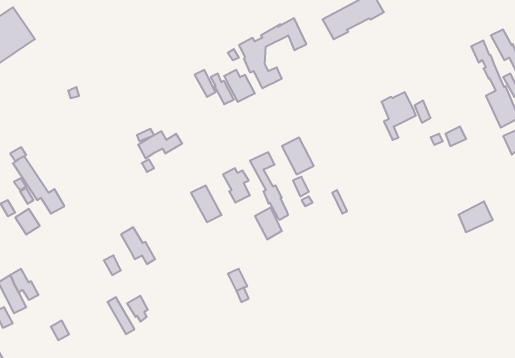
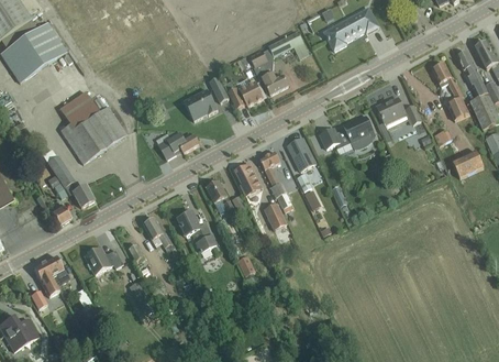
building: none -> [431,63,467,120]
building: none -> [182,88,217,120]
building: none -> [58,90,125,163]
building: none -> [319,114,375,150]
building: [458,201,493,232] -> [452,150,483,177]
building: none -> [177,211,215,252]
building: none -> [85,245,123,274]

